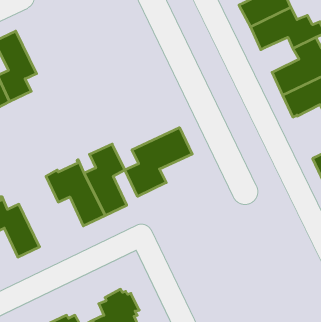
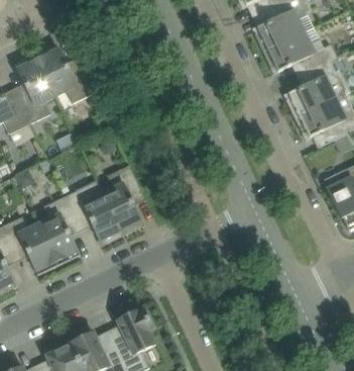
building: none -> [35,43,94,102]
building: [125,128,192,196] -> none
building: none -> [38,195,80,264]

